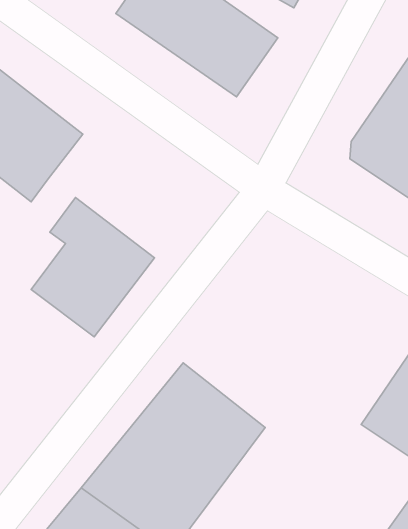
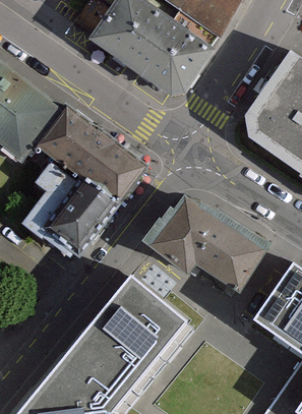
building: none -> [36,114,139,201]
building: none -> [149,198,271,295]

